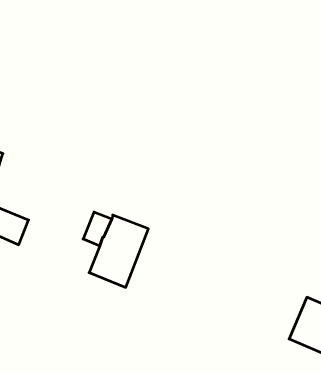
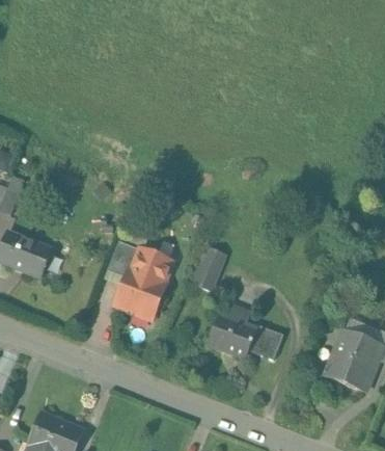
building: none -> [188,245,223,290]
building: none -> [210,304,282,360]

